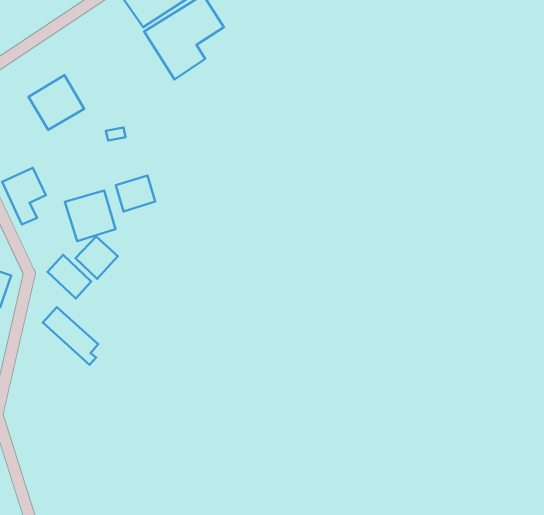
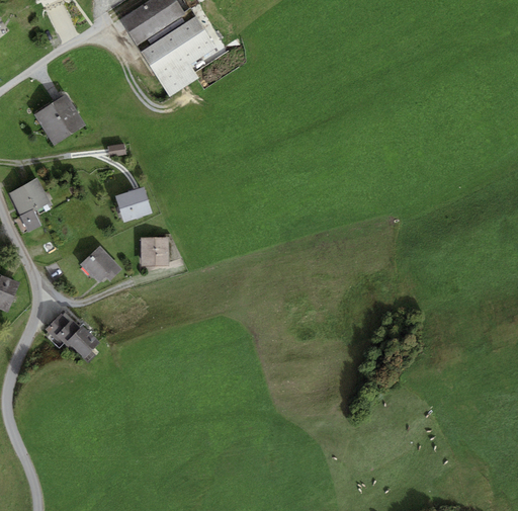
building: [65,191,115,241] -> none
building: none -> [141,236,169,265]
building: [48,255,91,299] -> none

